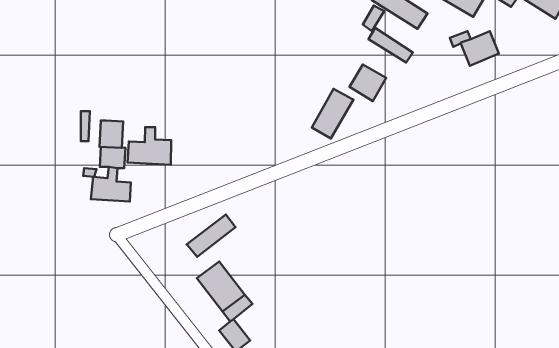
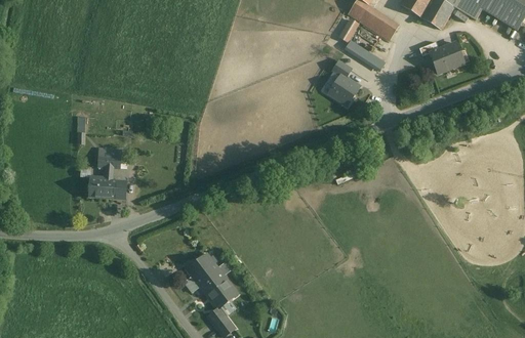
building: [312,89,353,138] -> none
building: [99,121,123,148] -> none
building: [128,127,171,165] -> none
building: [186,215,236,257] -> none

